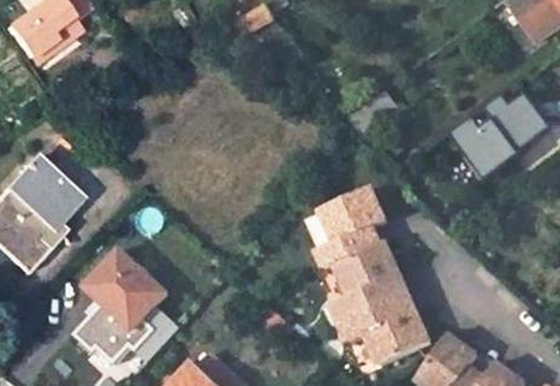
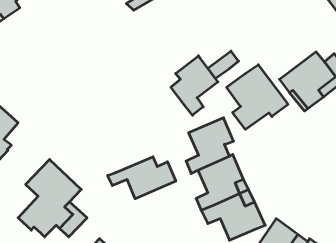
building: none -> [171,56,218,115]
building: none -> [227,65,288,129]
building: none -> [108,157,176,199]

